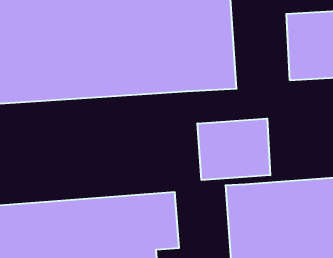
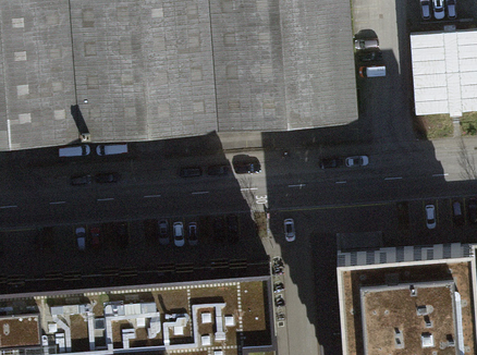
building: [197,118,270,180] -> none

